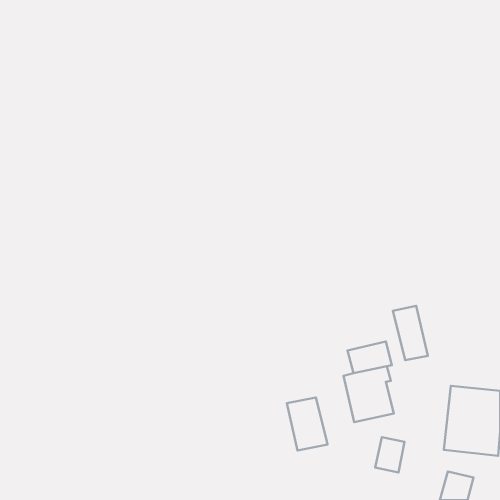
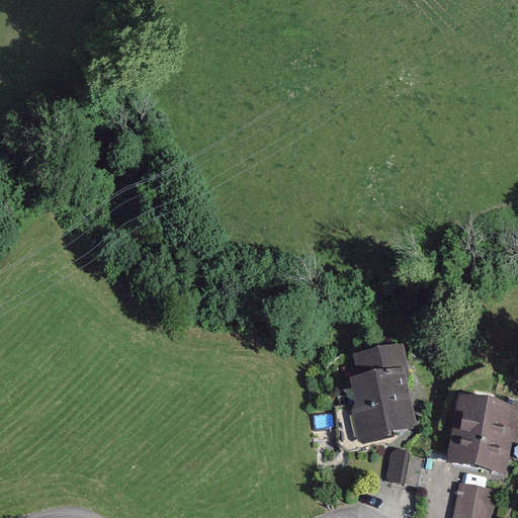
building: [393,306,428,360] -> none
building: [287,398,328,451] -> none

